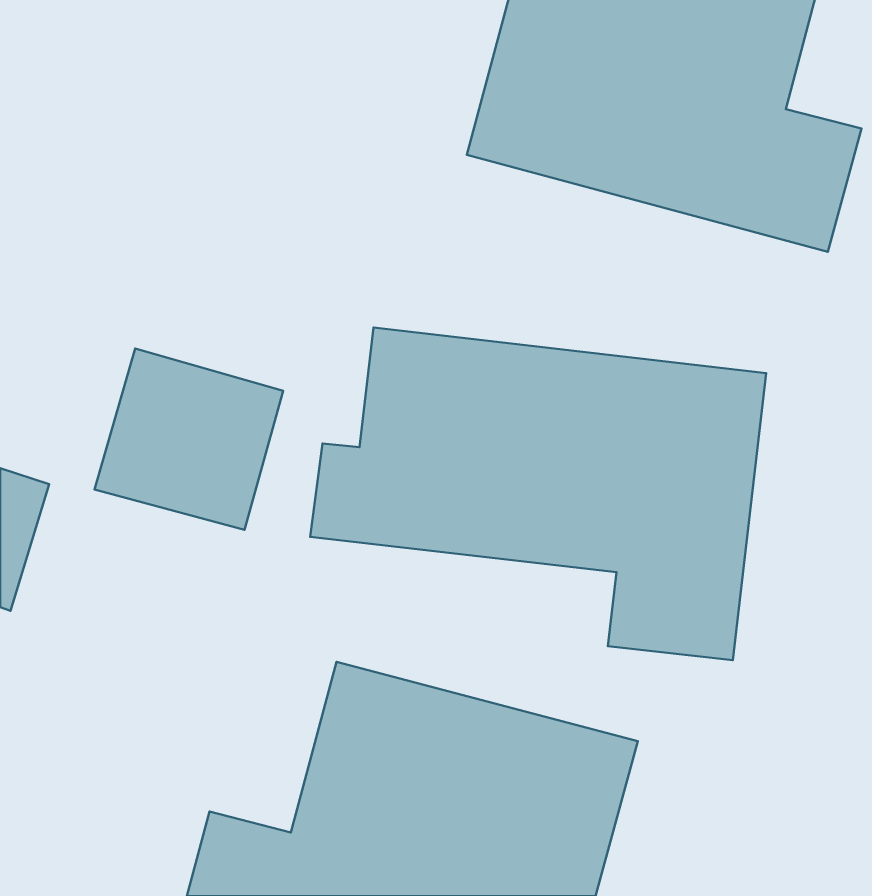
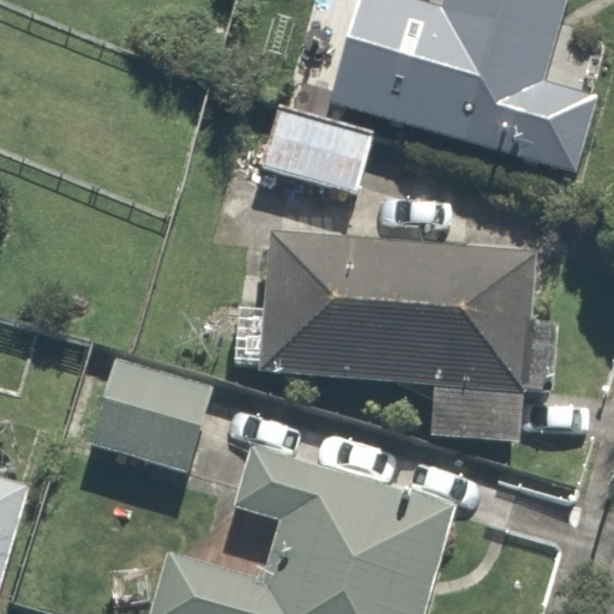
building: none -> [235,96,381,199]
building: [95,349,283,530] -> [82,349,210,472]

